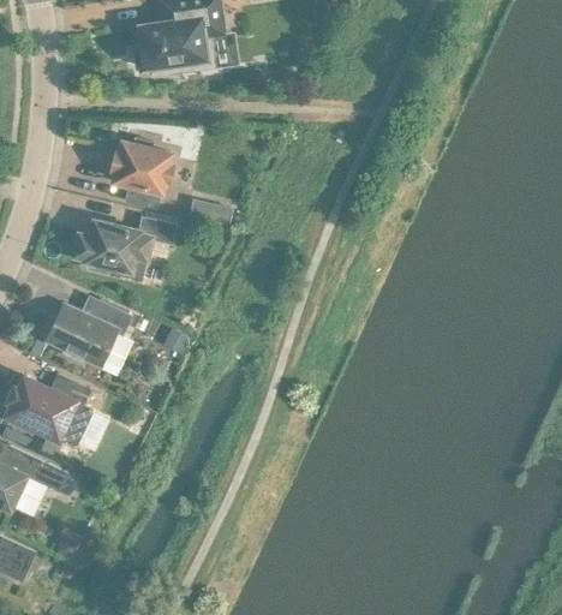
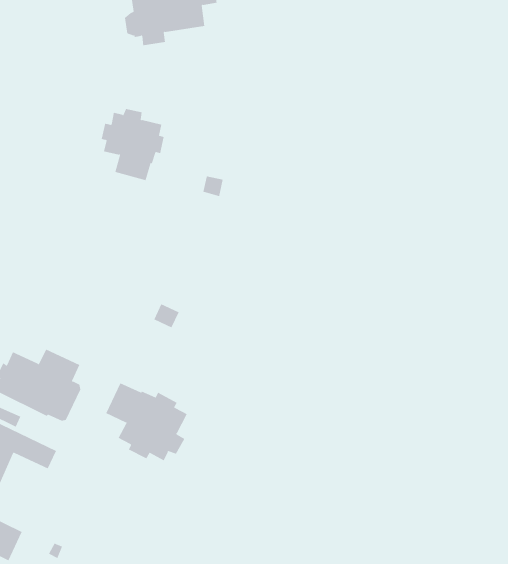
building: [73,217,173,273] -> none
building: [46,299,130,362] -> none
building: none -> [105,382,188,461]

